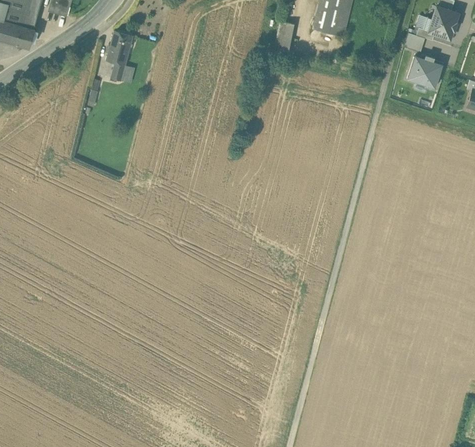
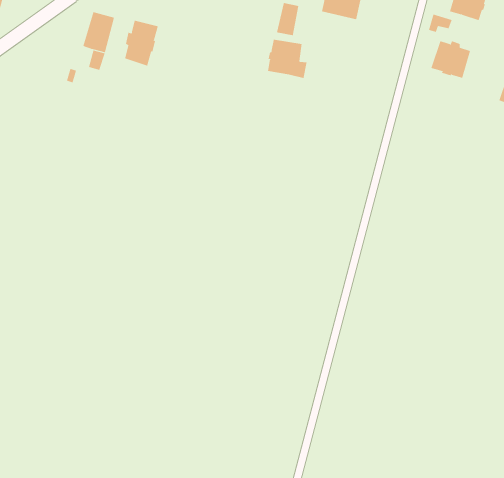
building: none -> [124,20,158,66]
building: none -> [268,39,307,79]

